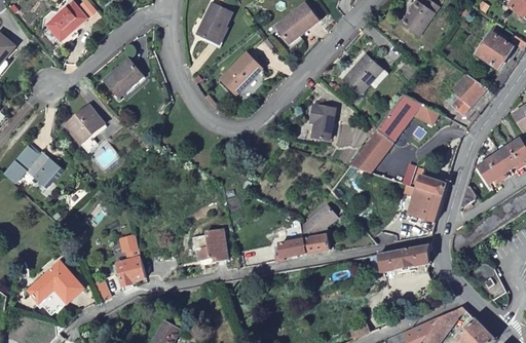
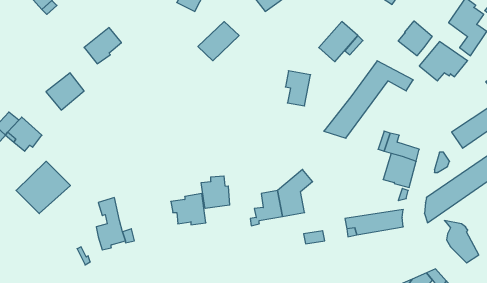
building: none -> [398,21,432,56]
building: none -> [201,176,230,208]
building: [28,262,83,315] -> [16,161,70,214]

